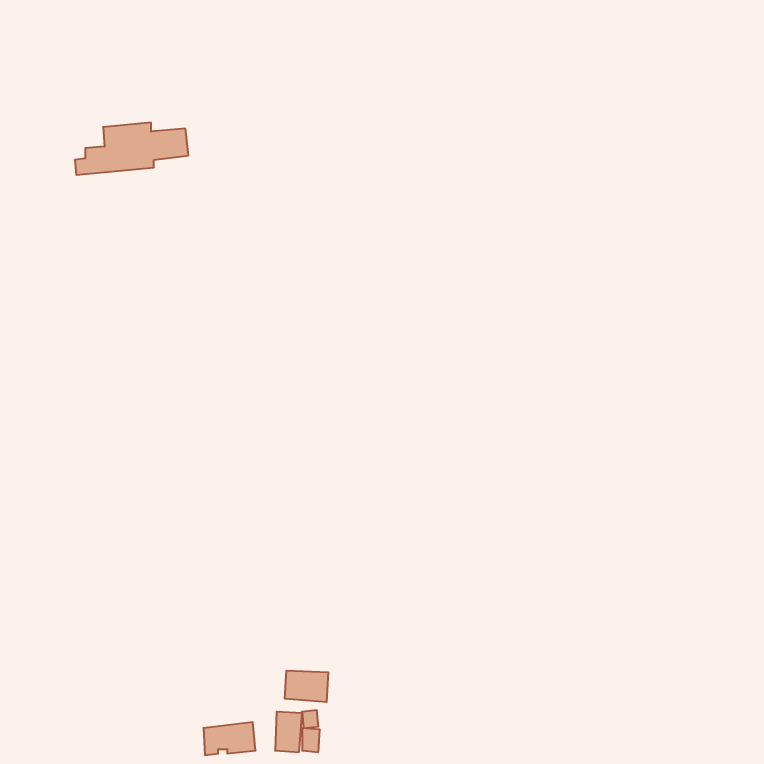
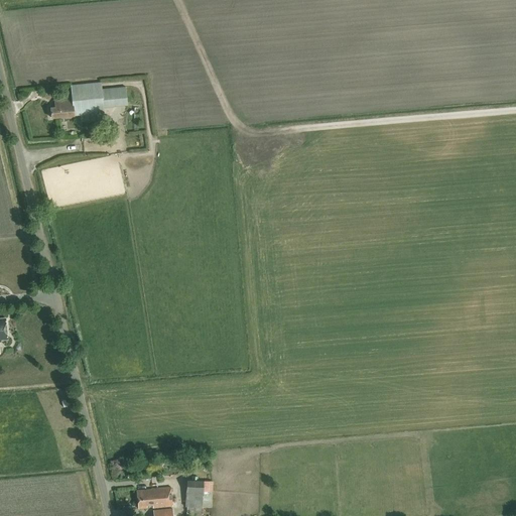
building: [285,671,328,702] -> none

